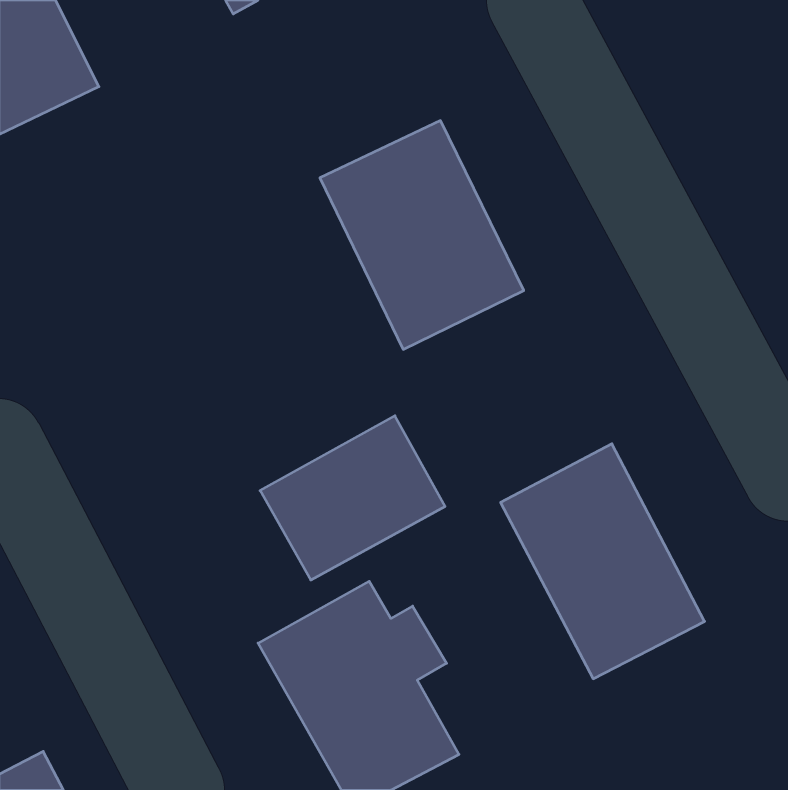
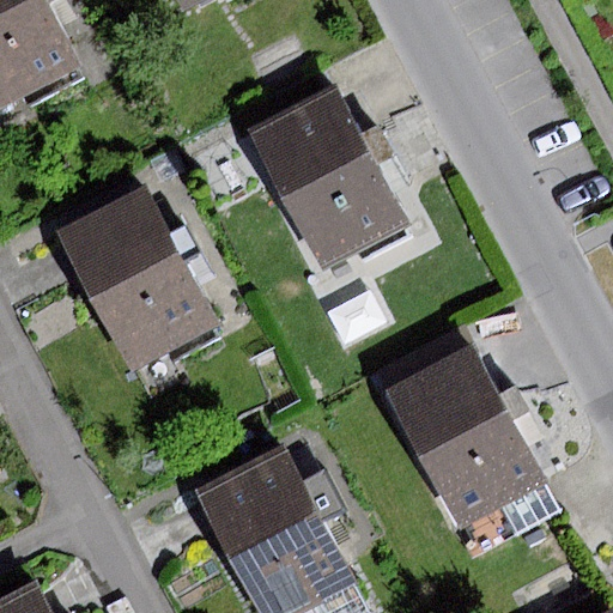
building: none -> [57,190,217,372]
building: [260,416,445,580] -> none

